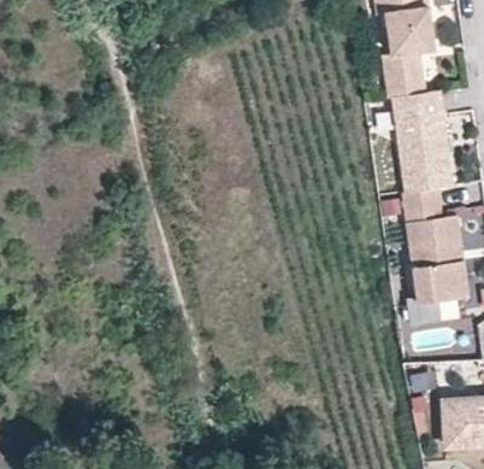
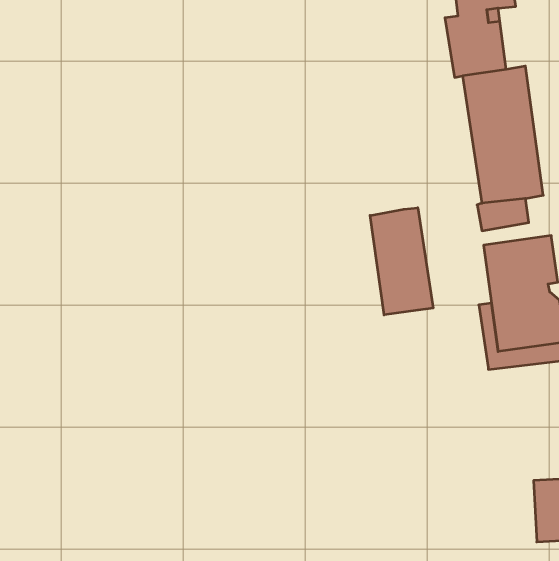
building: none -> [370,208,433,315]

